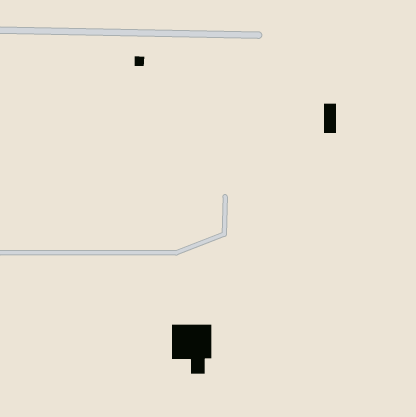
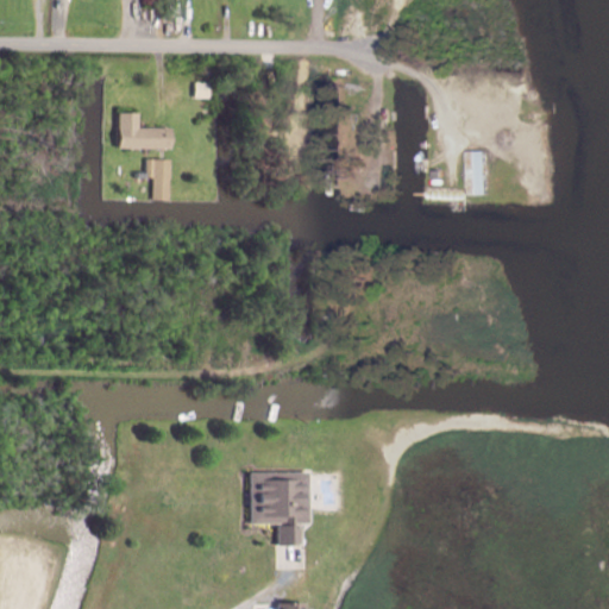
building: none -> [117,112,172,149]
building: none -> [145,158,171,200]

